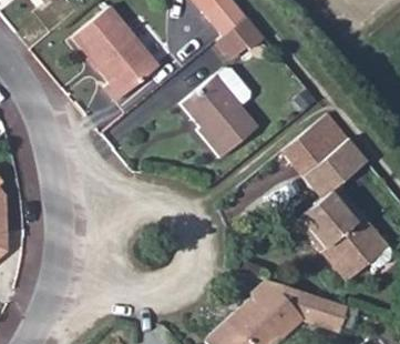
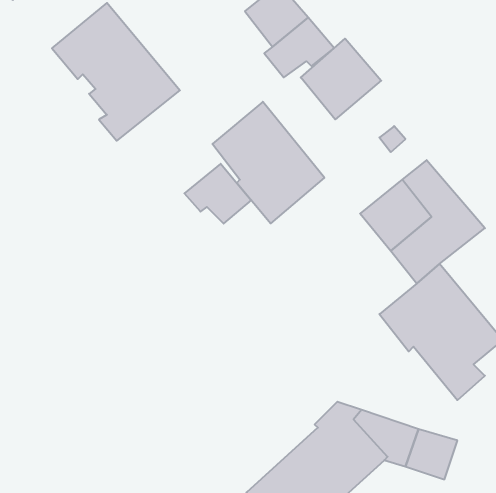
building: none -> [301,39,381,119]
building: none -> [184,164,251,224]

